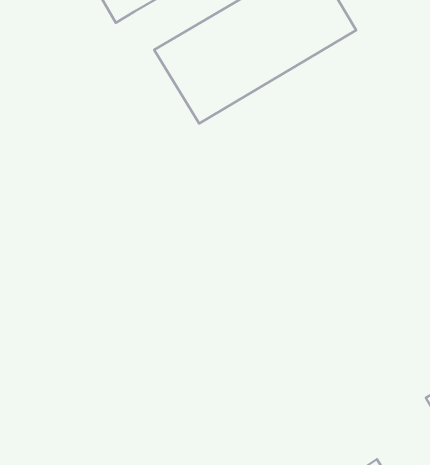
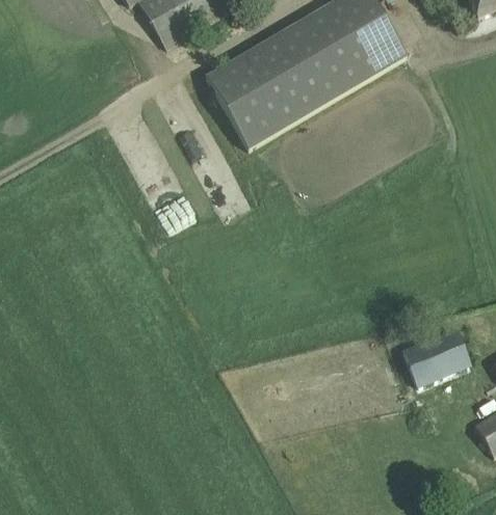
building: none -> [409,336,462,383]

